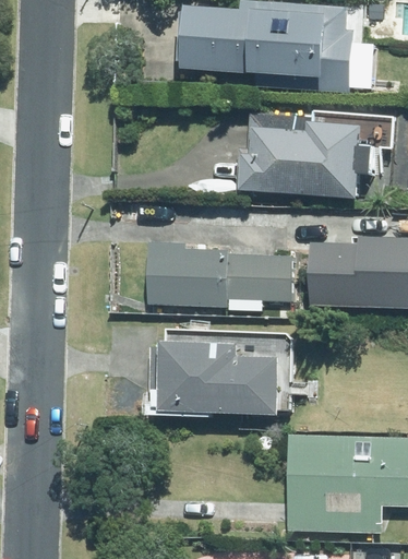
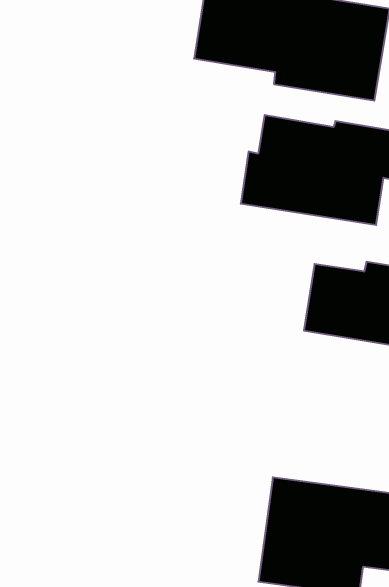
building: [146,243,291,306] -> none
building: [146,330,293,418] -> none

